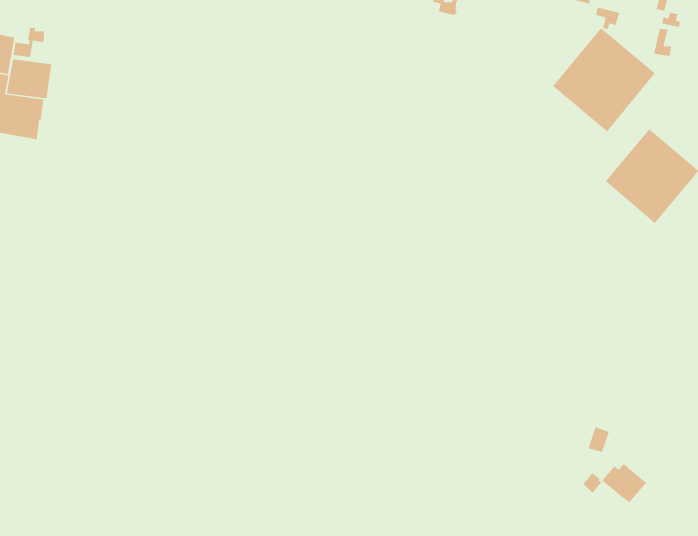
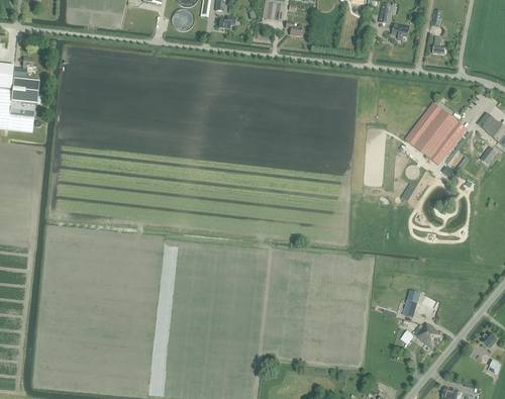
building: [552,27,656,132] -> none

